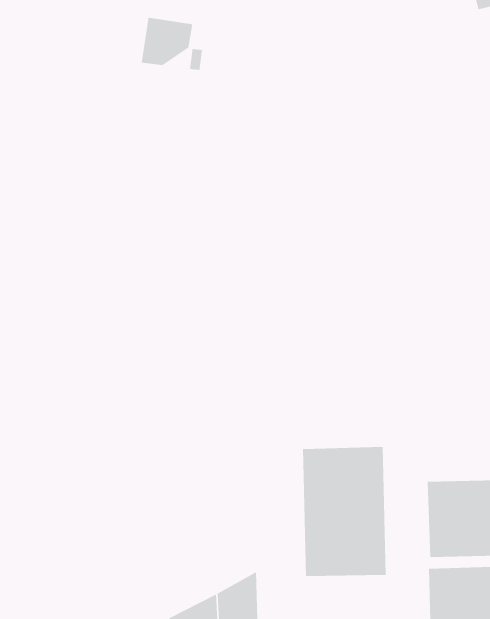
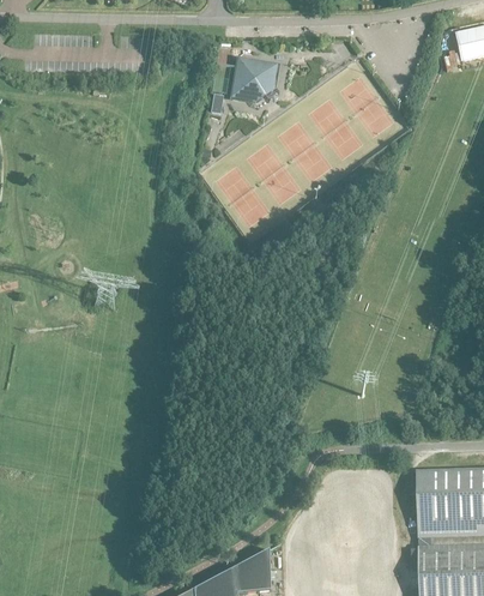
building: [141,17,193,66] -> [231,56,277,98]
building: [303,446,386,577] -> none

